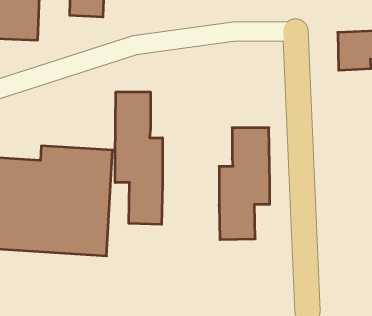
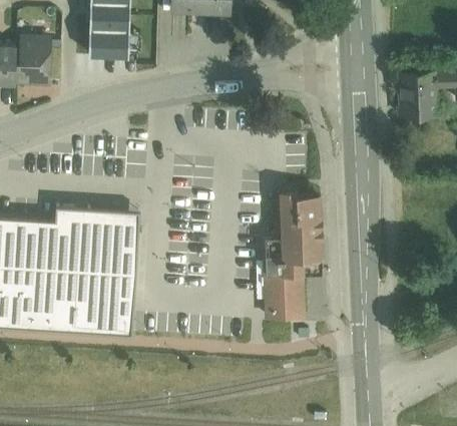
building: [115,92,162,224] -> none

